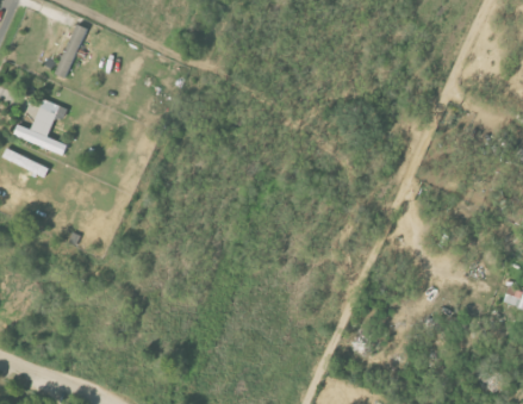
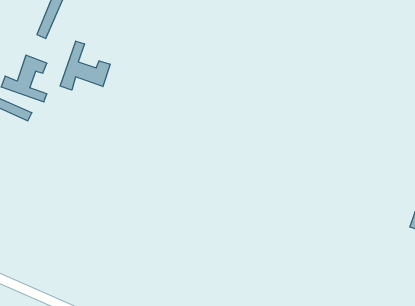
building: none -> [60,41,110,90]

